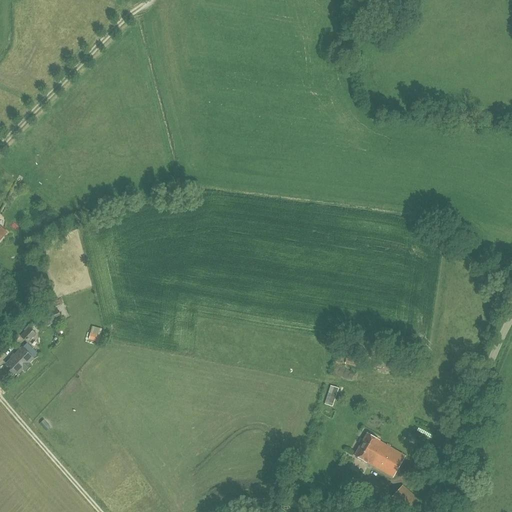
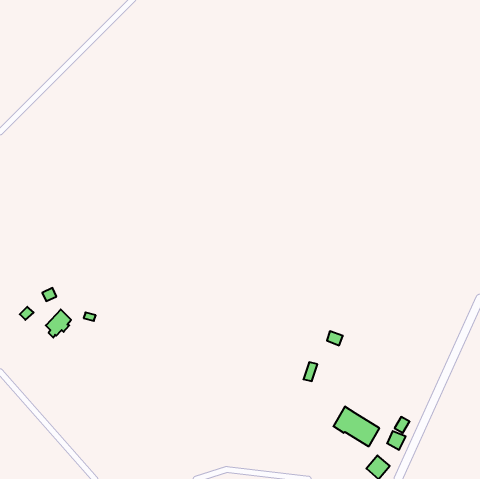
building: [6,345,33,375] -> [46,309,71,338]

